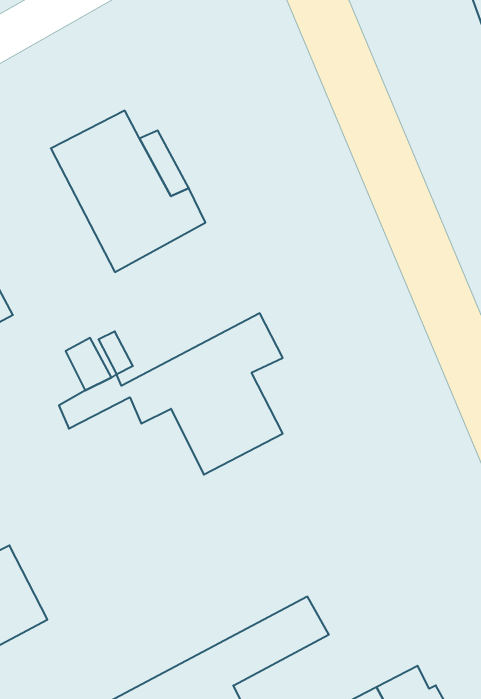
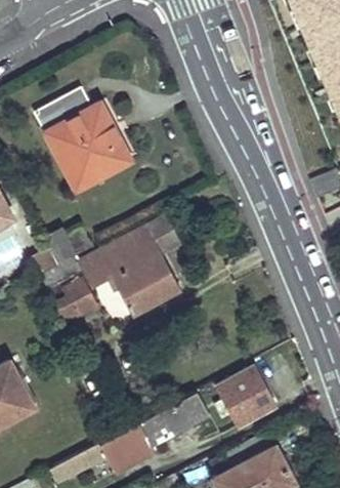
building: none -> [53,283,98,325]
building: none -> [213,368,274,429]

